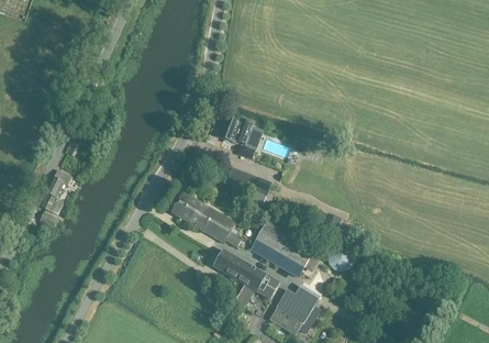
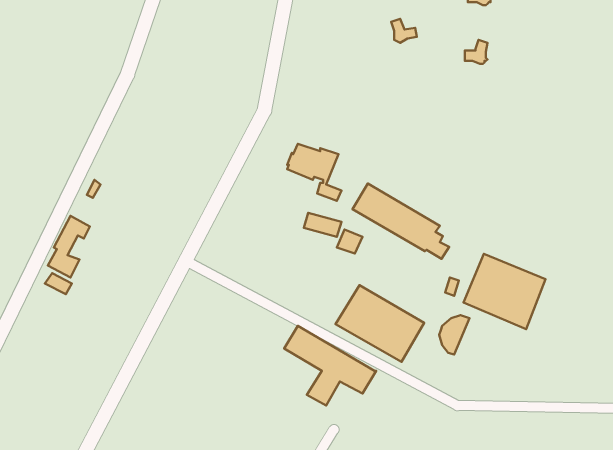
building: [171,191,242,246] -> [353,184,449,259]
building: none -> [464,254,546,329]
building: [270,285,319,332] -> none

